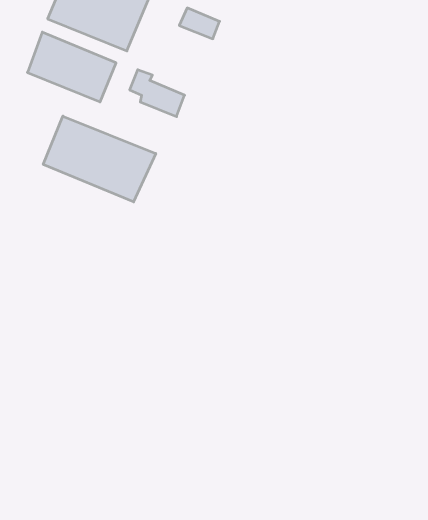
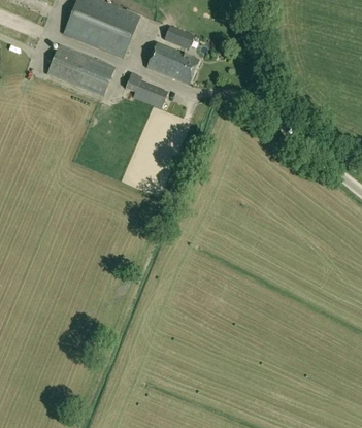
building: none -> [146,42,198,84]
building: [43,116,156,202] -> none

